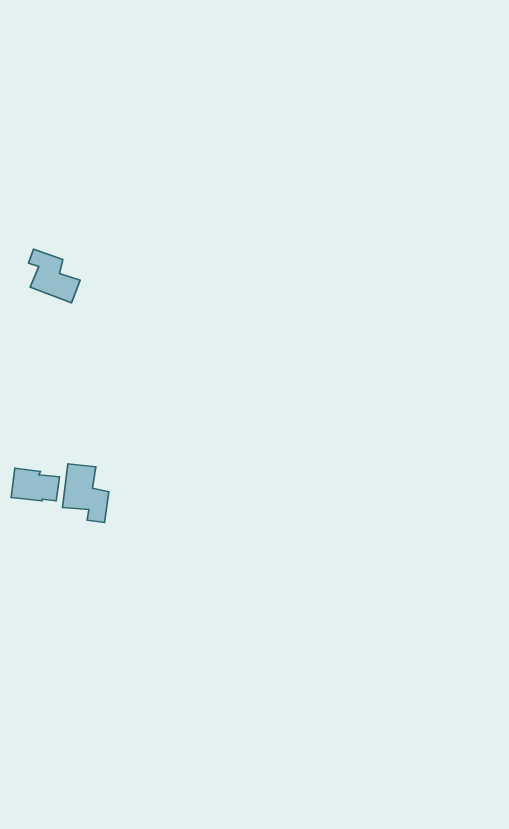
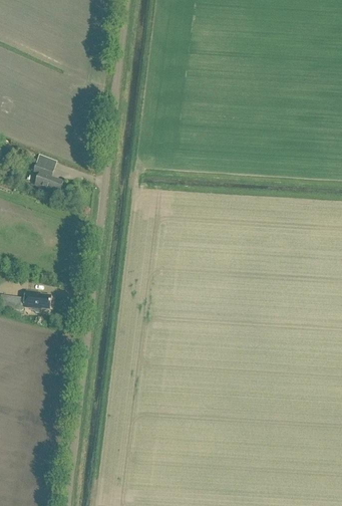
building: [63,464,109,522] -> none

